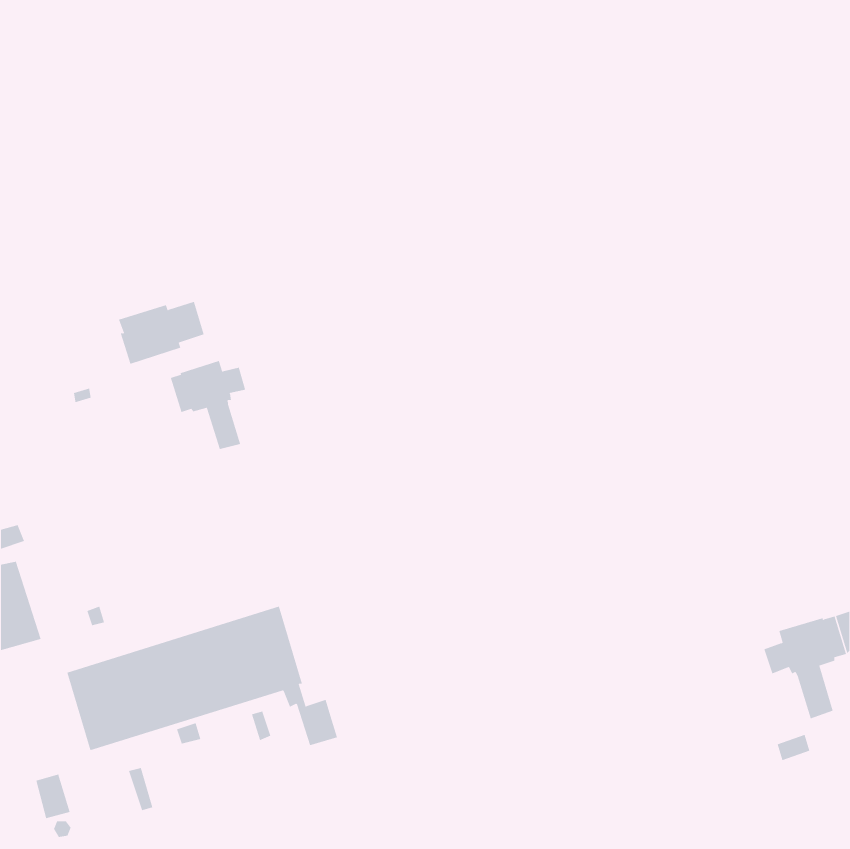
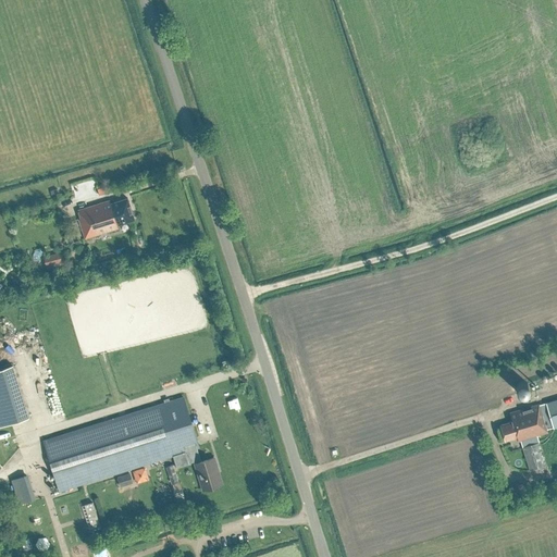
building: [170,360,246,450] -> none
building: [35,774,70,819] -> [11,475,34,505]

